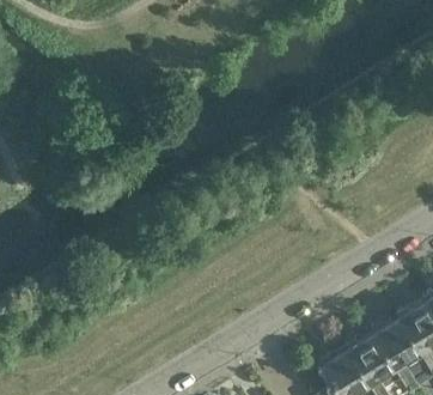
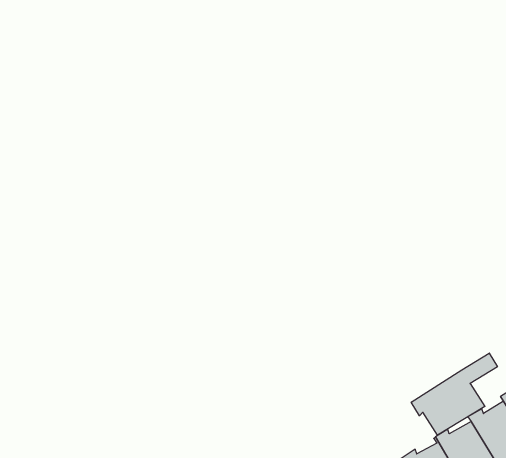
building: none -> [411,353,497,435]

